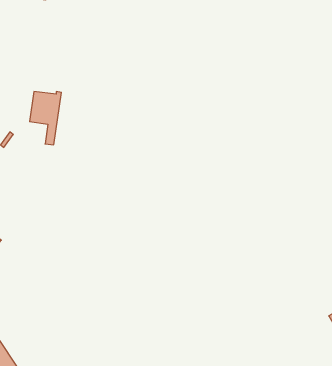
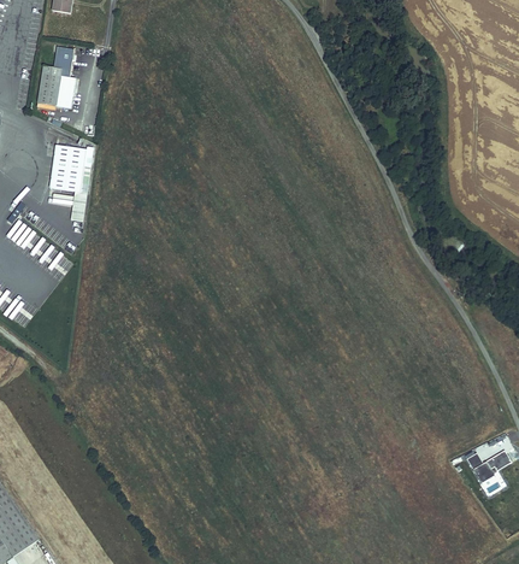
building: none -> [37,46,73,104]

